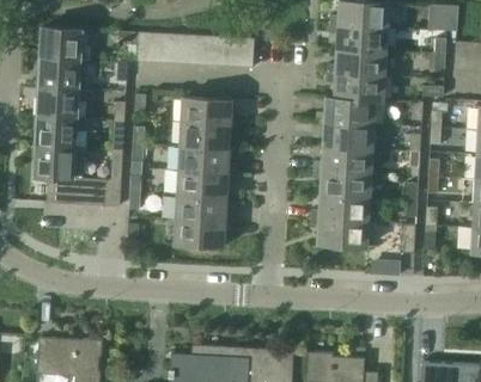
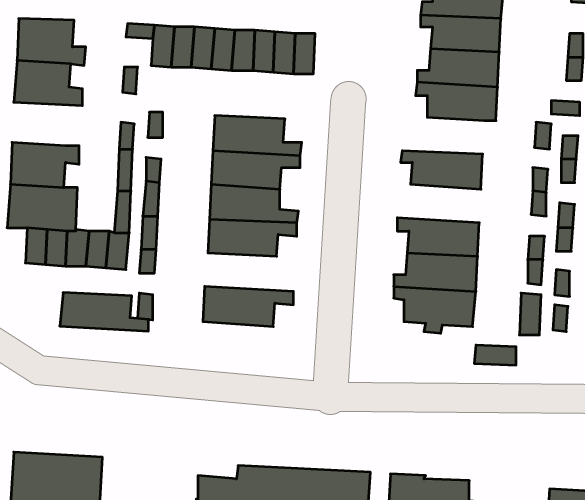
building: [37,87,87,118] -> none
building: [316,97,375,124] -> none
building: [312,146,372,173] -> none
building: [175,195,238,222] -> [60,293,148,331]

